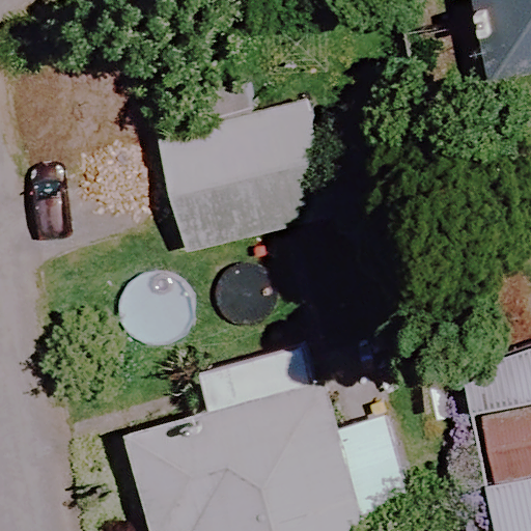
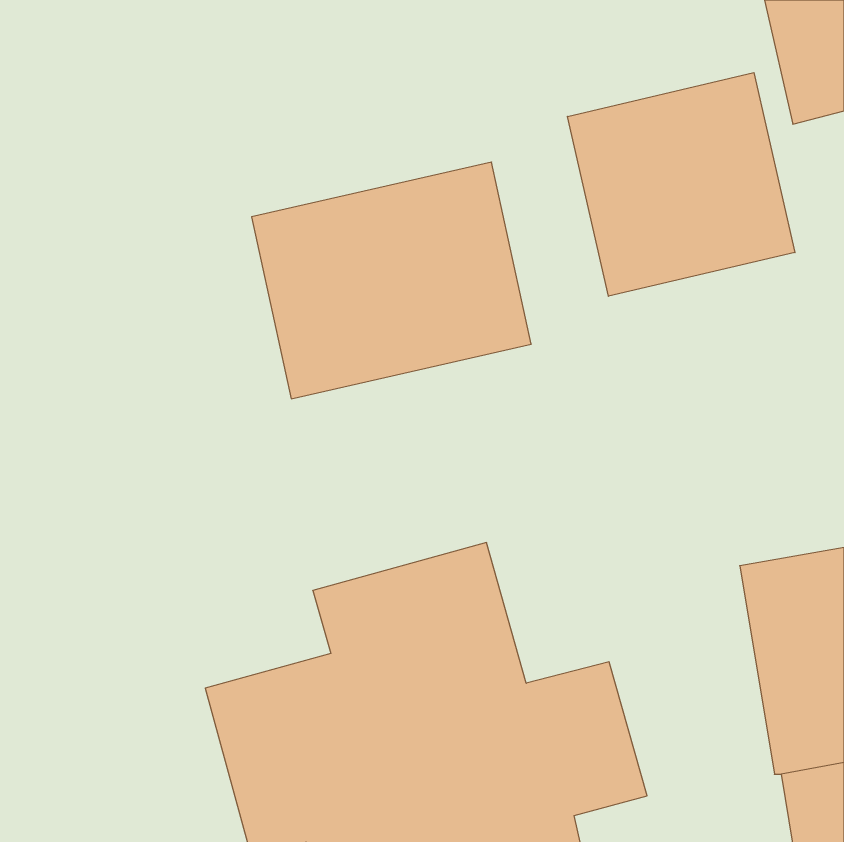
building: none -> [567,73,795,296]

